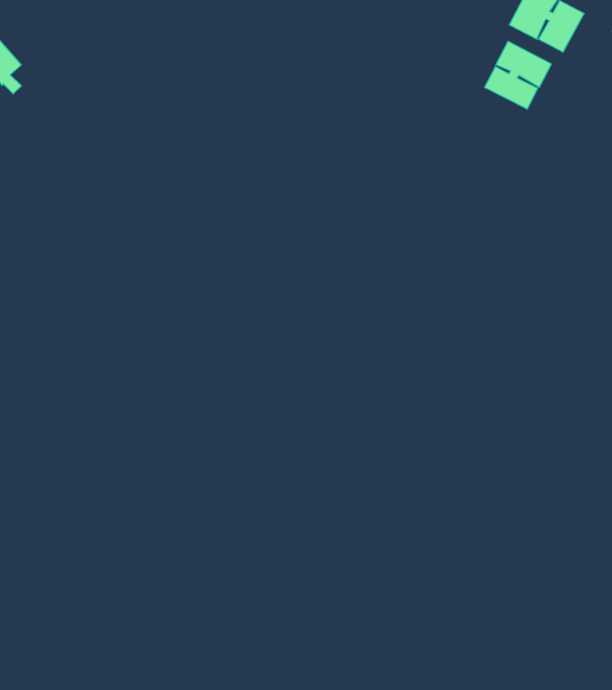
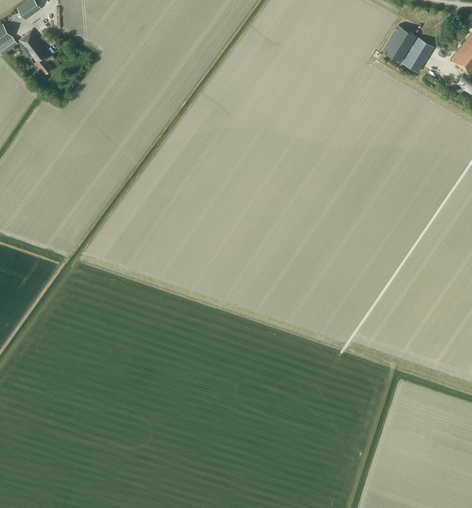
building: [485,41,552,109] -> none

